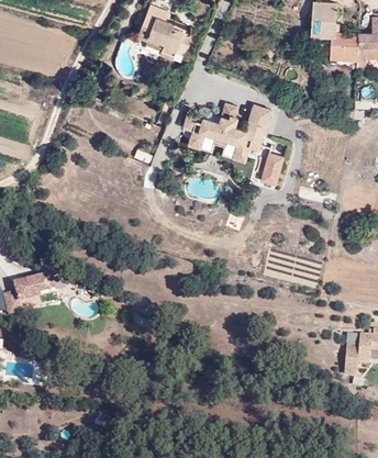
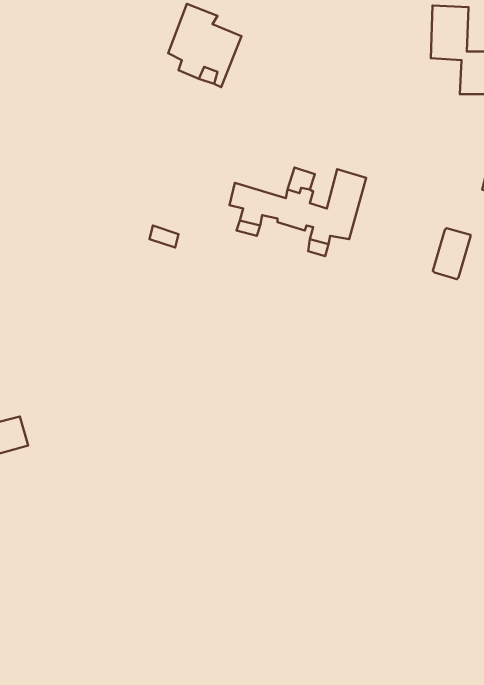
building: [258,158,282,191] -> [433,228,470,279]

